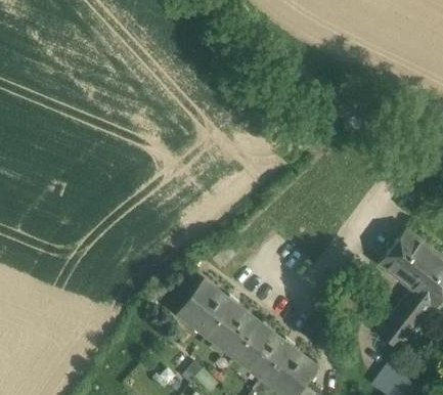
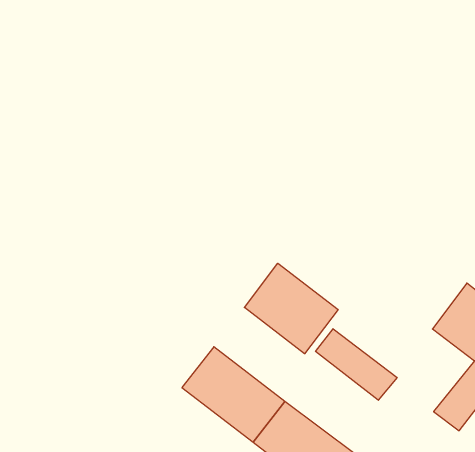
building: none -> [244,263,338,354]
building: none -> [316,329,397,400]

